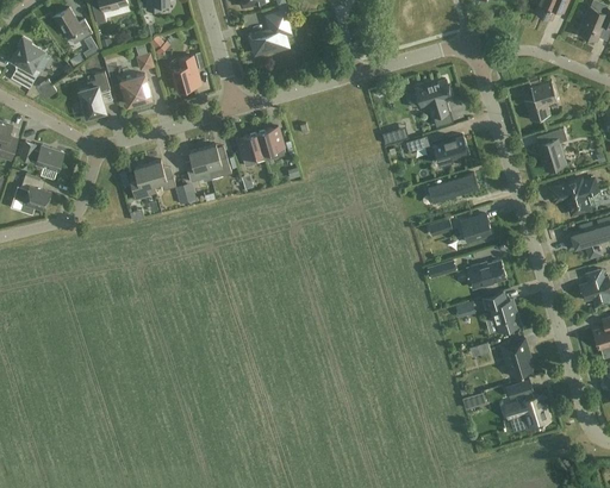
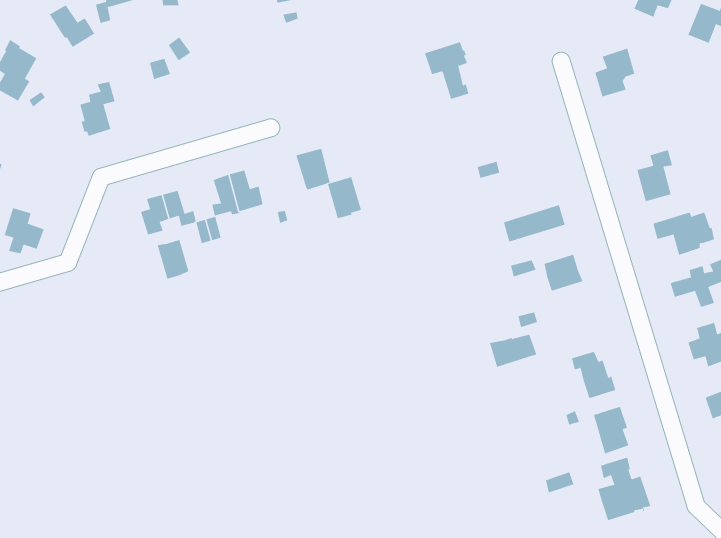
building: [249,11,290,54] -> none
building: [172,56,200,90] -> none
building: [119,74,150,105] -> none
building: [415,79,452,126] -> [424,41,469,99]
building: [523,80,556,120] -> [594,48,635,97]
building: [236,132,264,167] -> [327,177,362,219]
building: [431,134,468,164] -> none
building: [19,140,63,170] -> none
building: none -> [157,239,190,280]
building: [466,261,505,288] -> [489,334,537,368]

